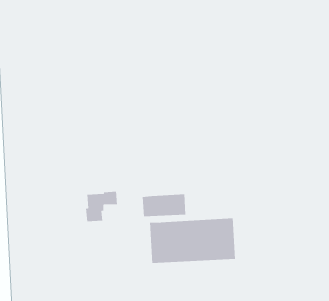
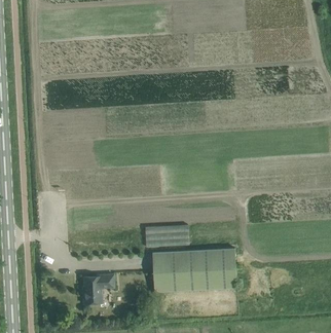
building: [85,191,118,222] -> [81,274,113,304]

